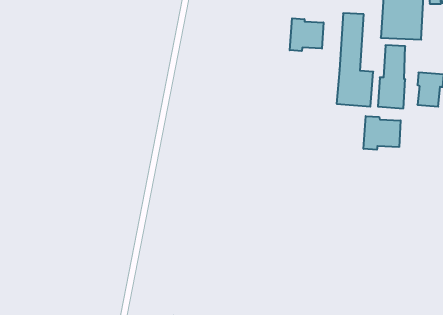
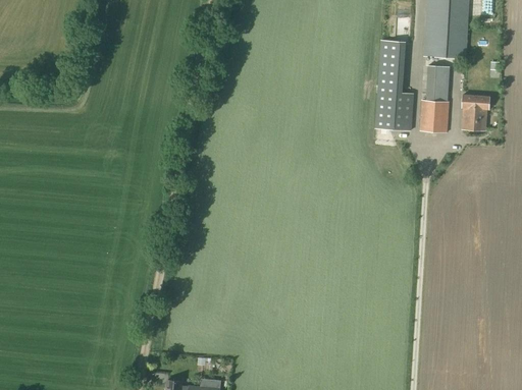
building: [290,18,323,51] -> none
building: [364,116,401,150] -> none

